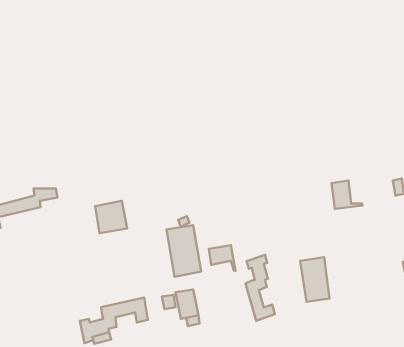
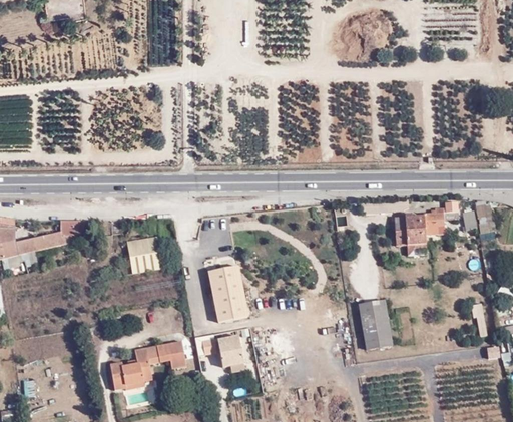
building: none -> [413,201,459,239]
building: [209,245,236,271] -> none
building: [245,255,275,321] -> none

